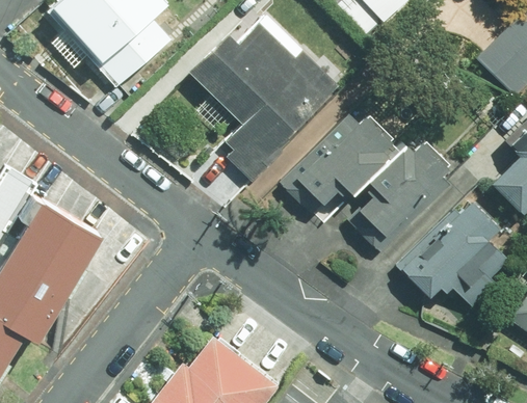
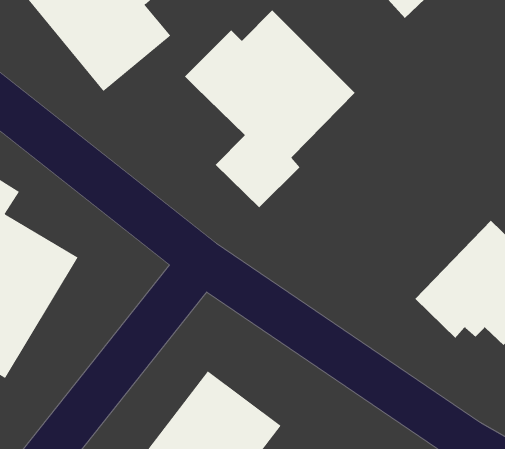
building: [276,107,457,258] -> none

